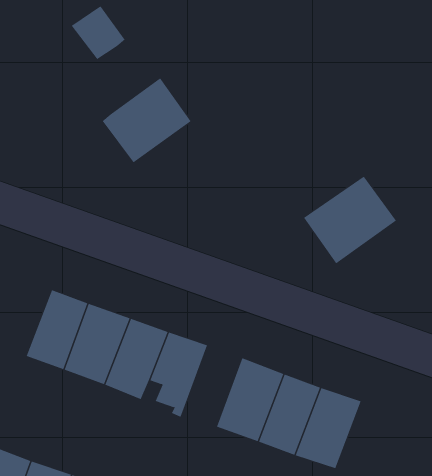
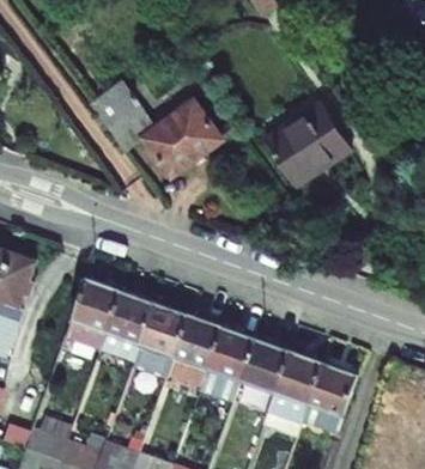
building: [71,6,125,60] -> [93,96,141,144]
building: [303,176,397,264] -> [259,98,341,176]
building: none -> [205,329,257,401]

